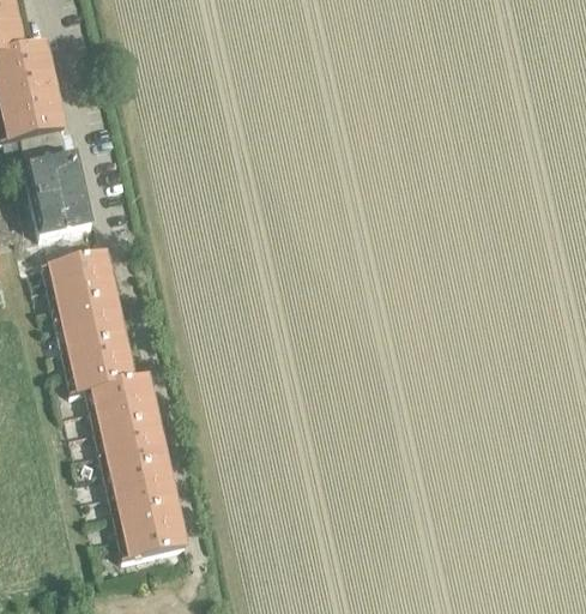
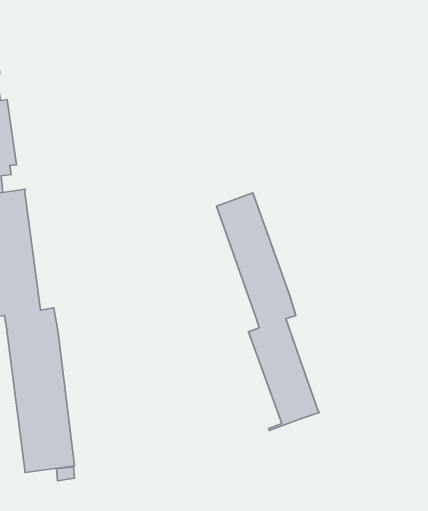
building: none -> [217,193,319,431]

